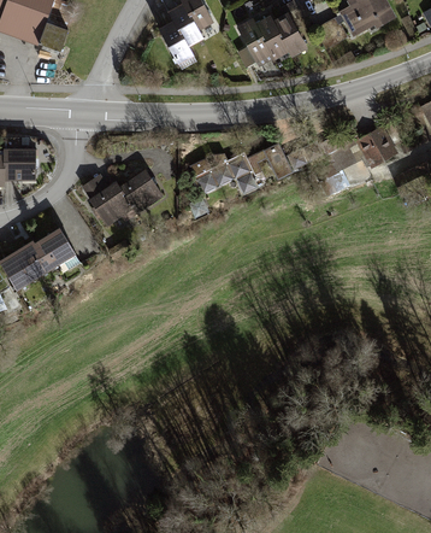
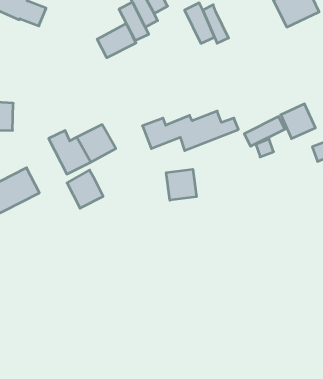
building: [271,14,308,60] -> none
building: none -> [97,24,136,58]
building: none -> [166,169,196,200]
building: none -> [67,170,103,208]

